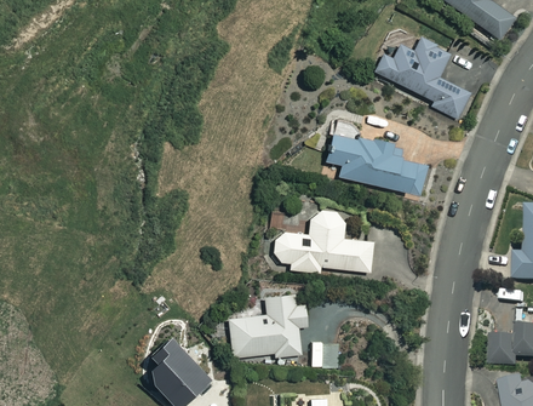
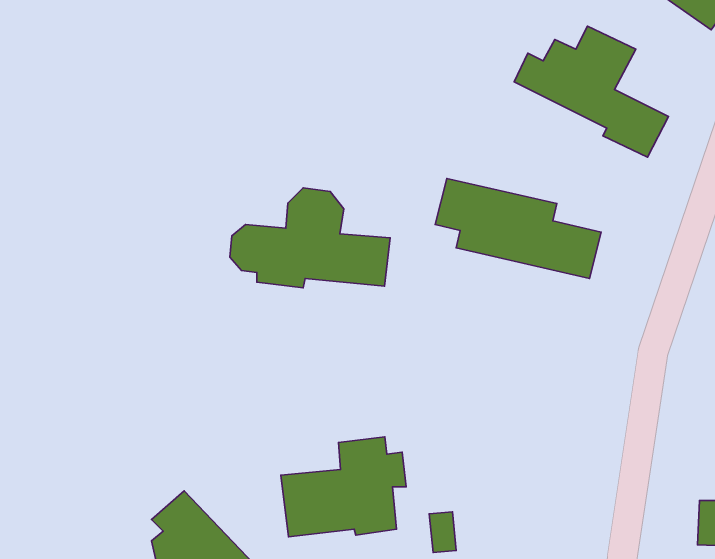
building: [271,210,372,273] -> [230,188,390,288]

